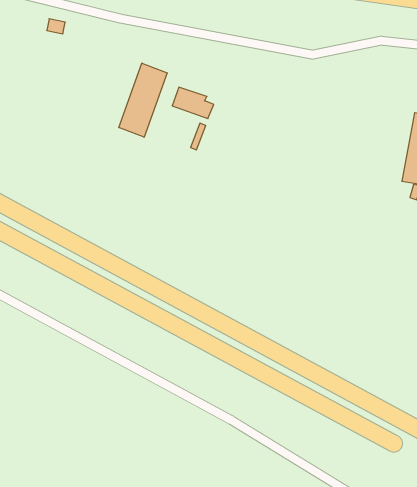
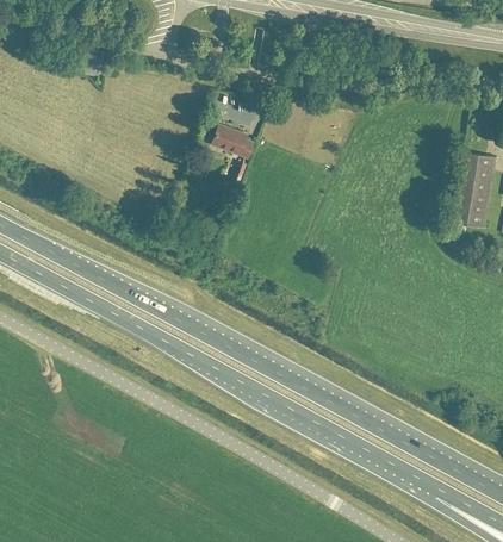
building: [119,63,167,137] -> none

